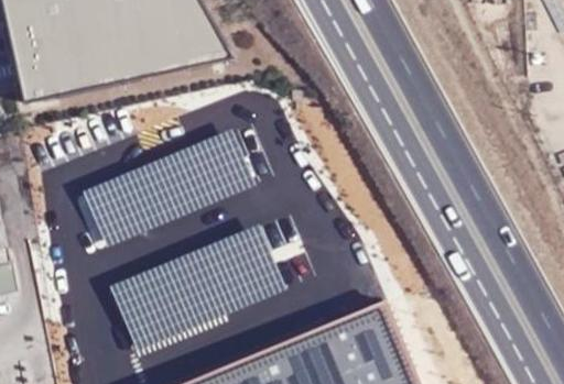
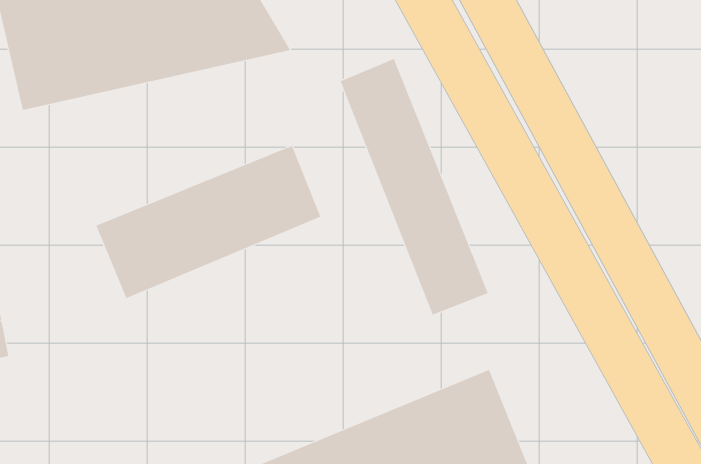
building: none -> [340,58,488,316]
building: [108,224,285,351] -> none

